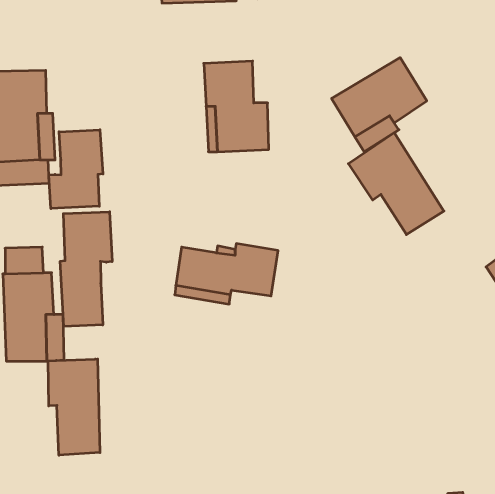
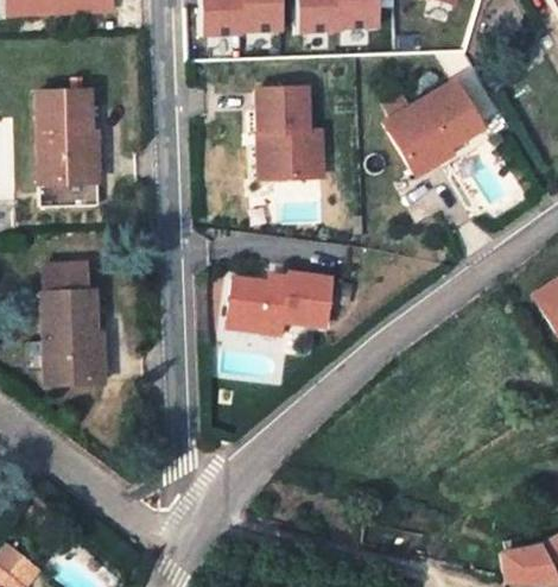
building: [49,130,103,209] -> none
building: [348,133,444,235] -> none
building: [60,212,112,326] -> none
building: [48,359,100,455] -> none

